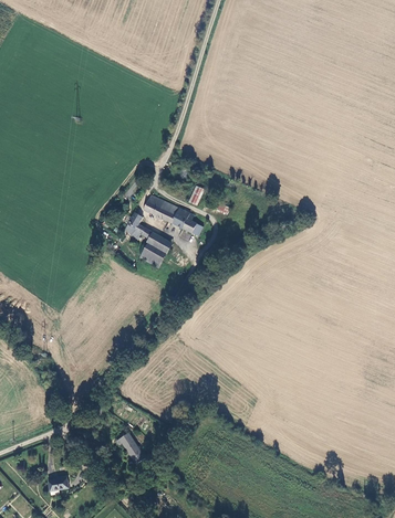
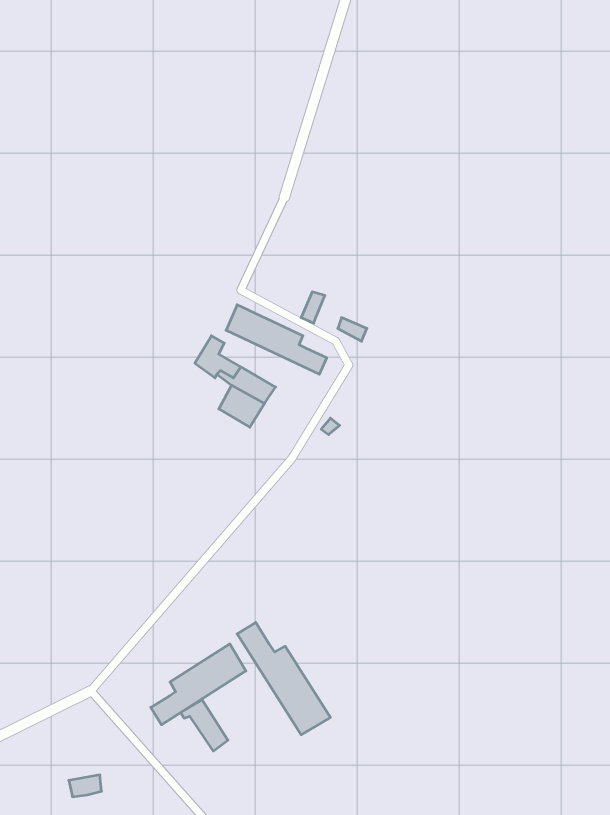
building: none -> [237,622,330,735]
building: none -> [151,644,246,725]

